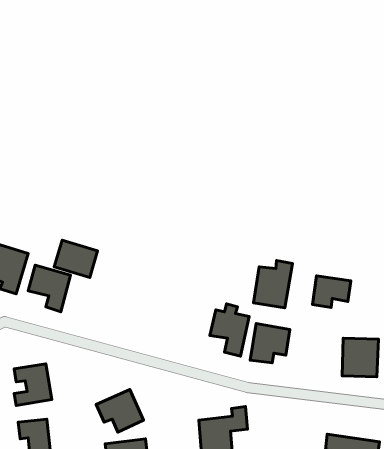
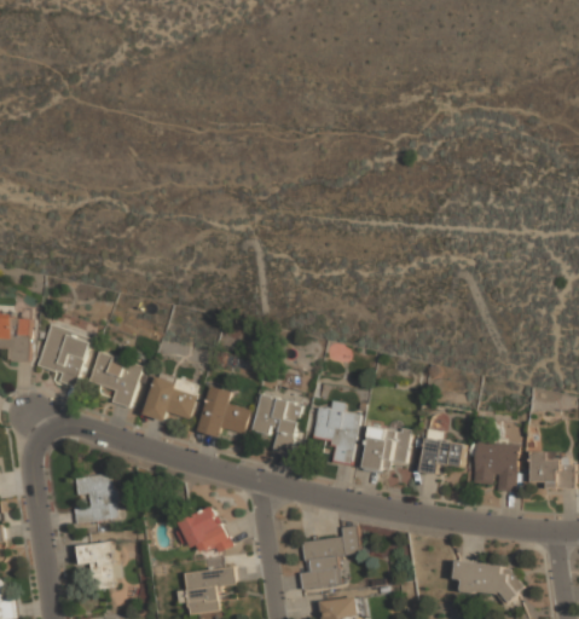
building: [54,240,98,278] -> [144,378,197,424]
building: [253,261,293,308] -> none
building: [312,276,351,307] -> [418,436,465,475]
building: none -> [197,384,249,436]
building: none -> [250,394,300,456]

